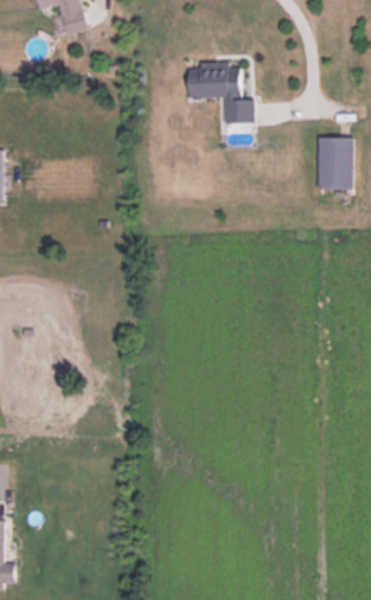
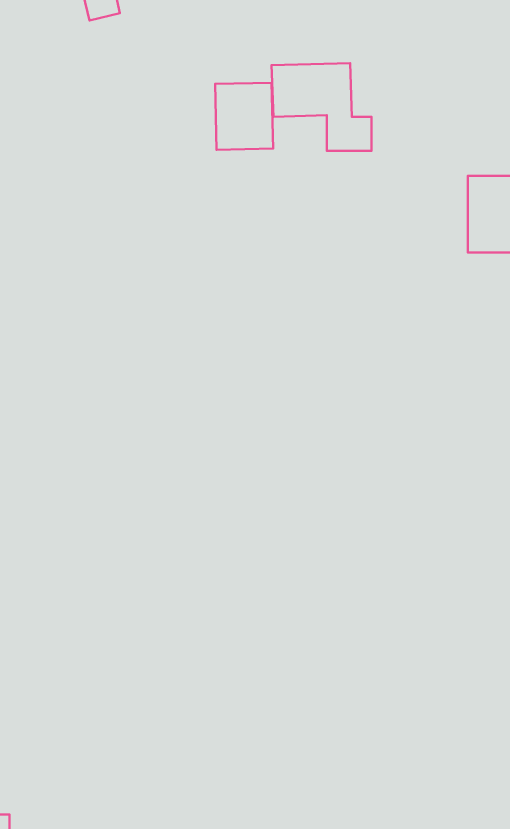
building: none -> [215,83,273,150]

